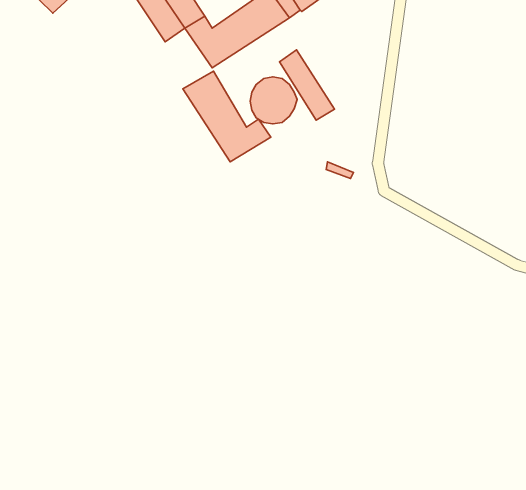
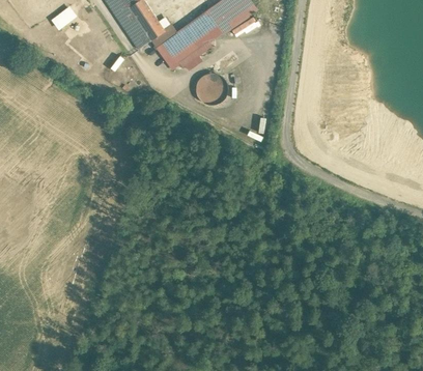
building: [279,50,335,120] -> none
building: [183,71,271,162] -> none

